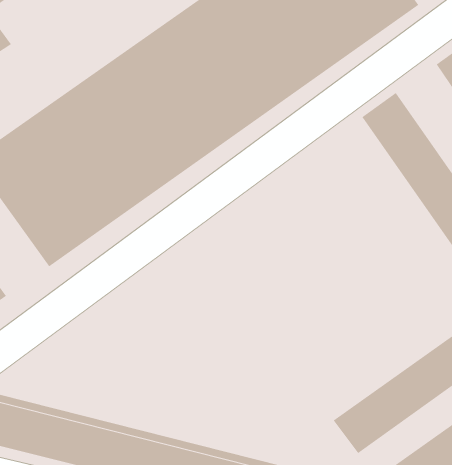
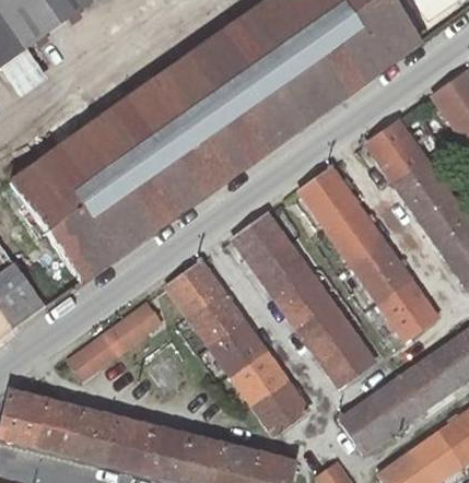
building: none -> [301,168,435,340]
building: none -> [234,215,373,387]
building: none -> [168,262,307,434]
building: none -> [70,303,161,378]

